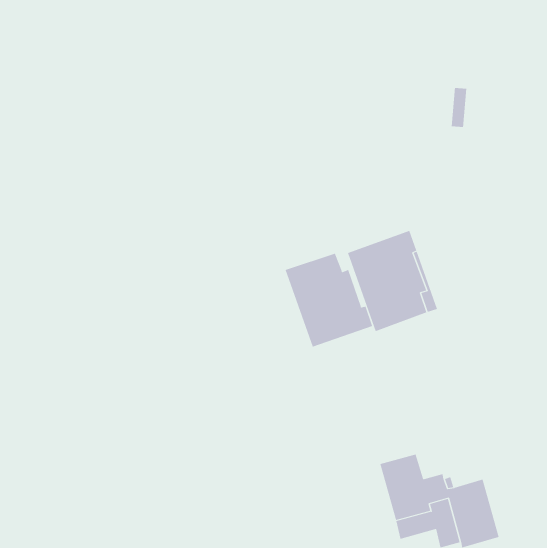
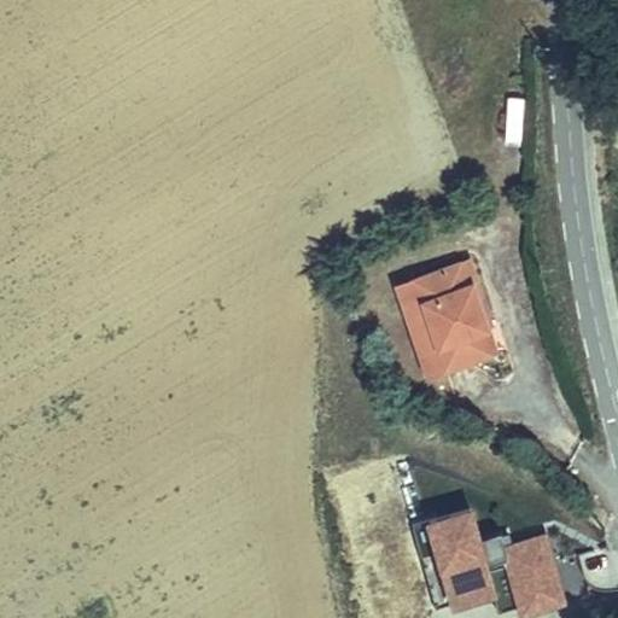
building: [285,253,373,347] -> none

